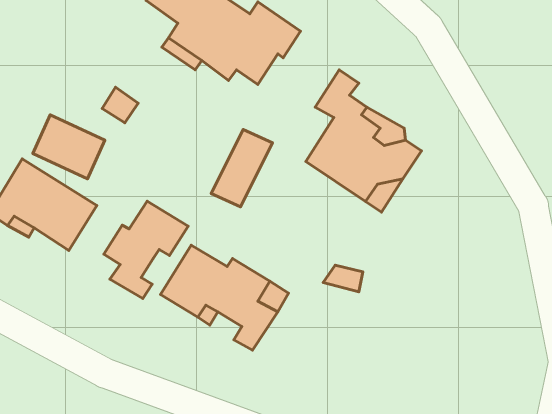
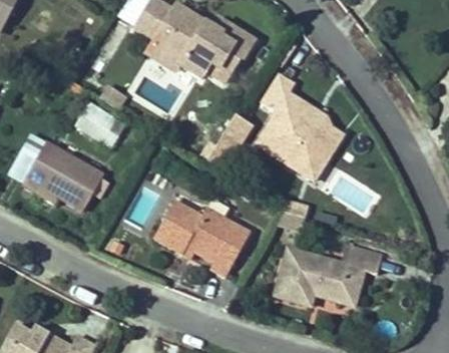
building: [104,201,188,298] -> none
building: none -> [270,250,379,311]

